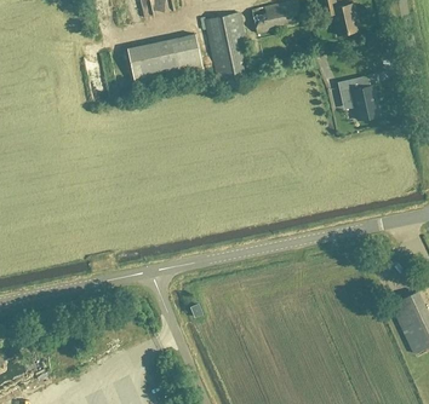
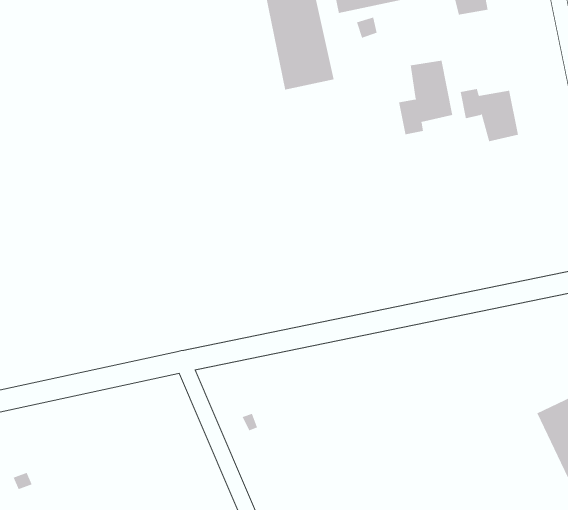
building: [128,31,201,71] -> none
building: none -> [399,60,453,135]

